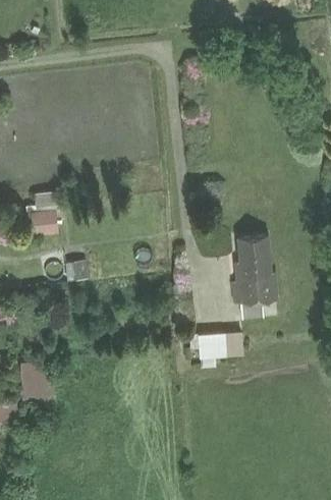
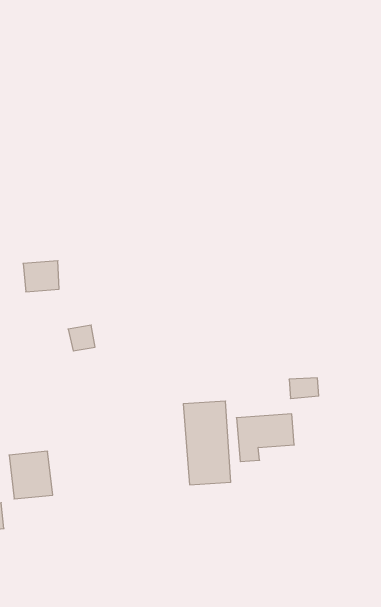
building: [230,236,268,302] -> [183,401,231,485]

